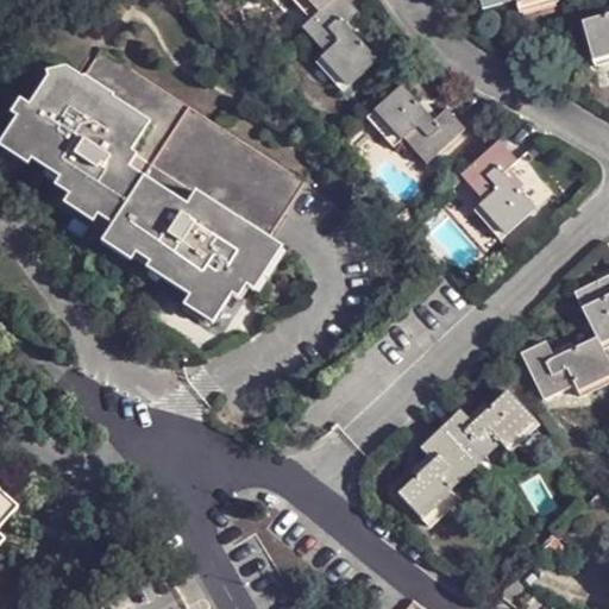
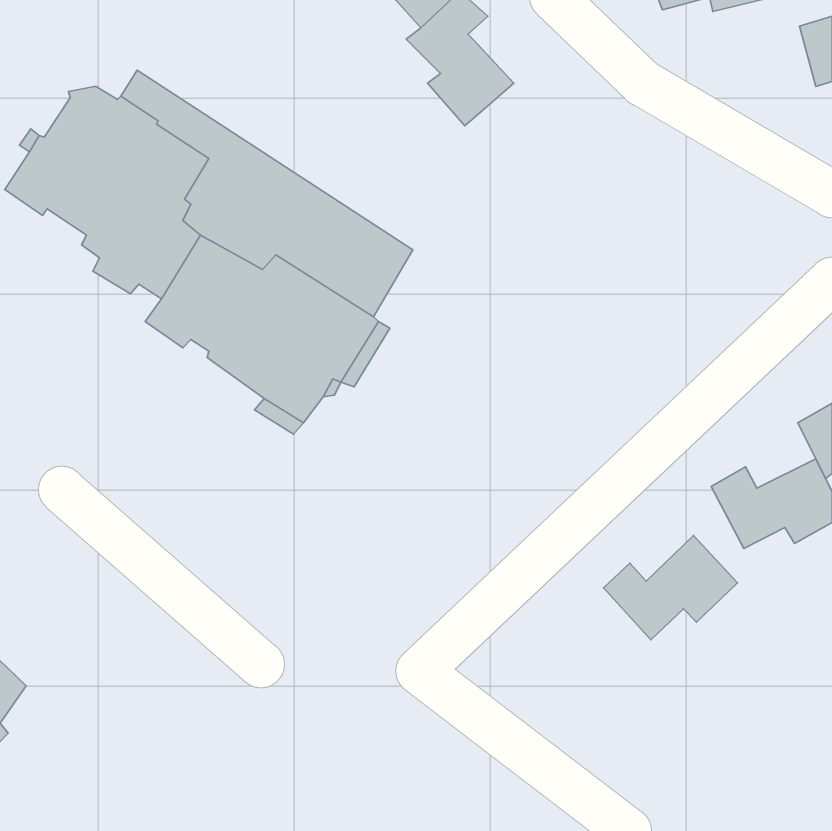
building: [364,87,462,164] -> none
building: [458,139,534,239] -> none
building: [396,428,475,528] -> none

